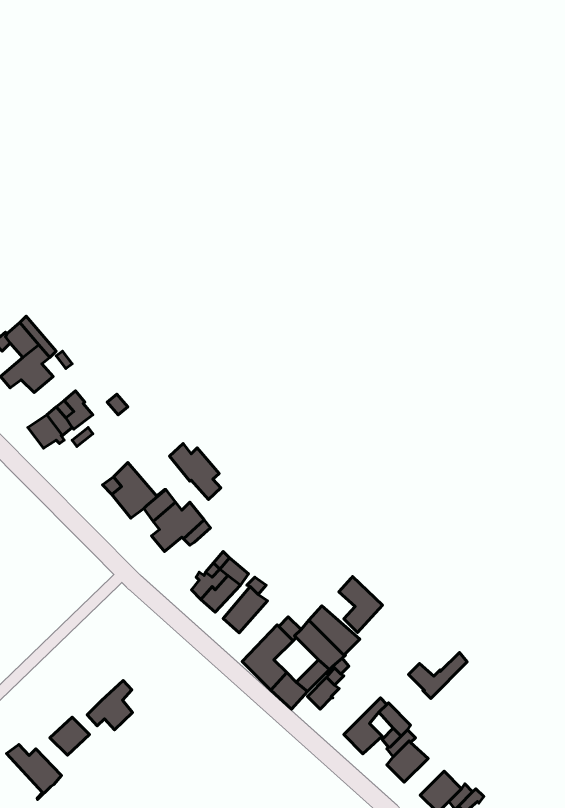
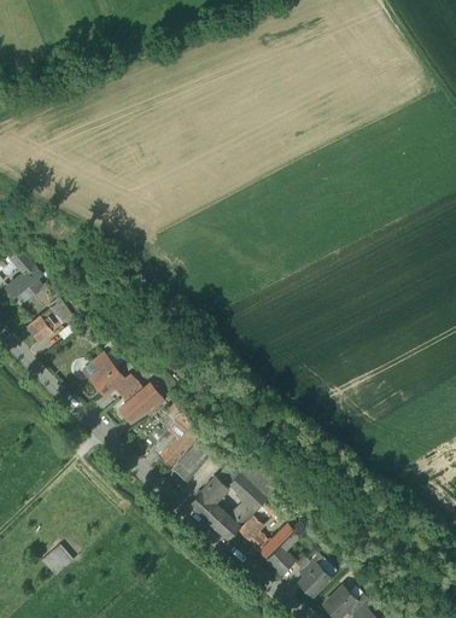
building: [169,444,221,499] -> none
building: [339,577,383,632] -> none
building: [409,652,467,699] -> [247,524,292,559]
building: [87,680,132,730] -> none
building: [6,744,62,800] -> none

